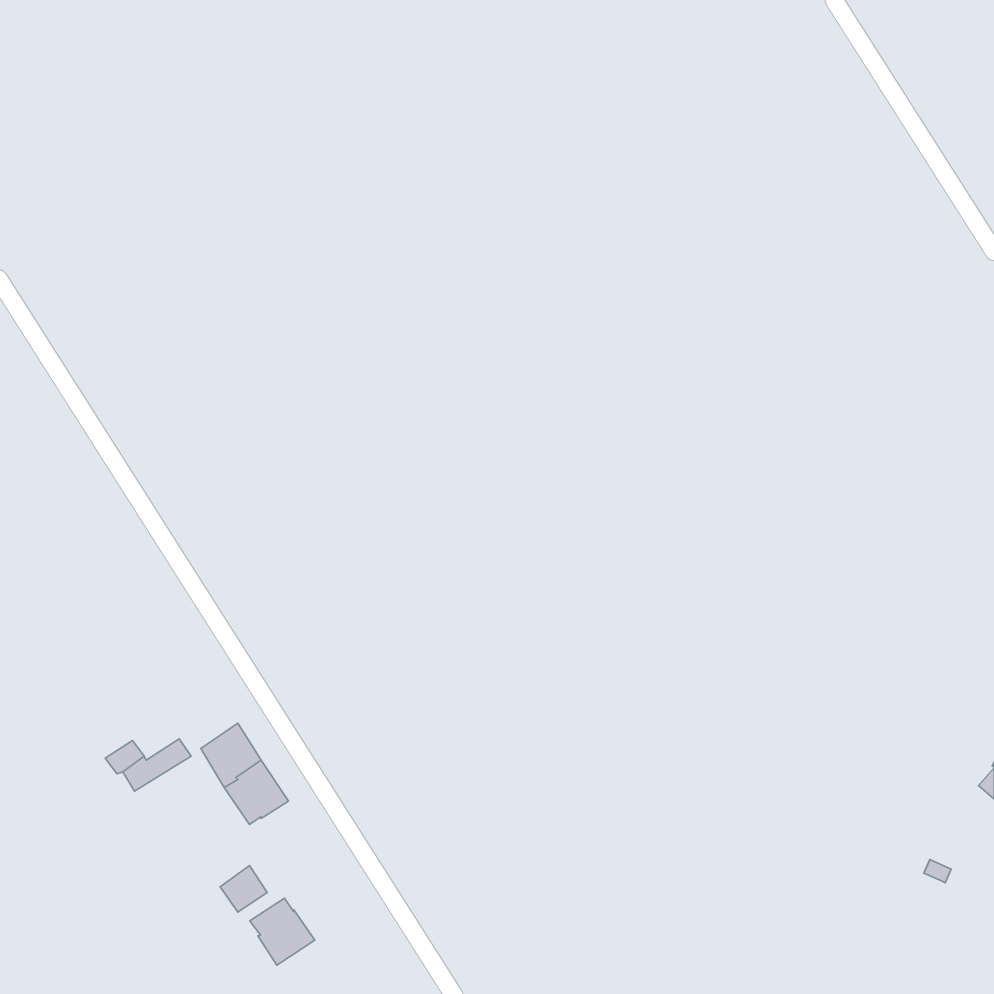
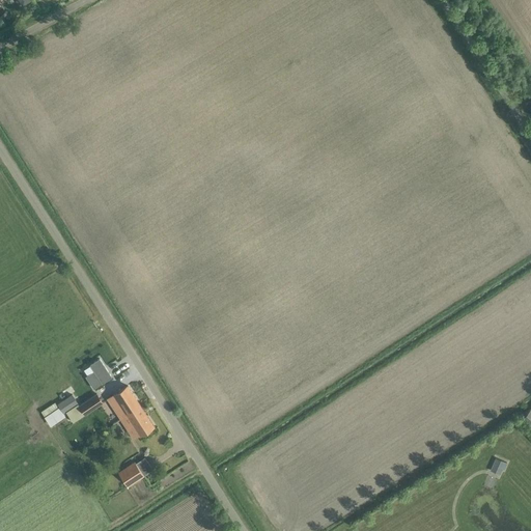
building: none -> [84,359,111,389]
building: [250,898,315,965] -> none

